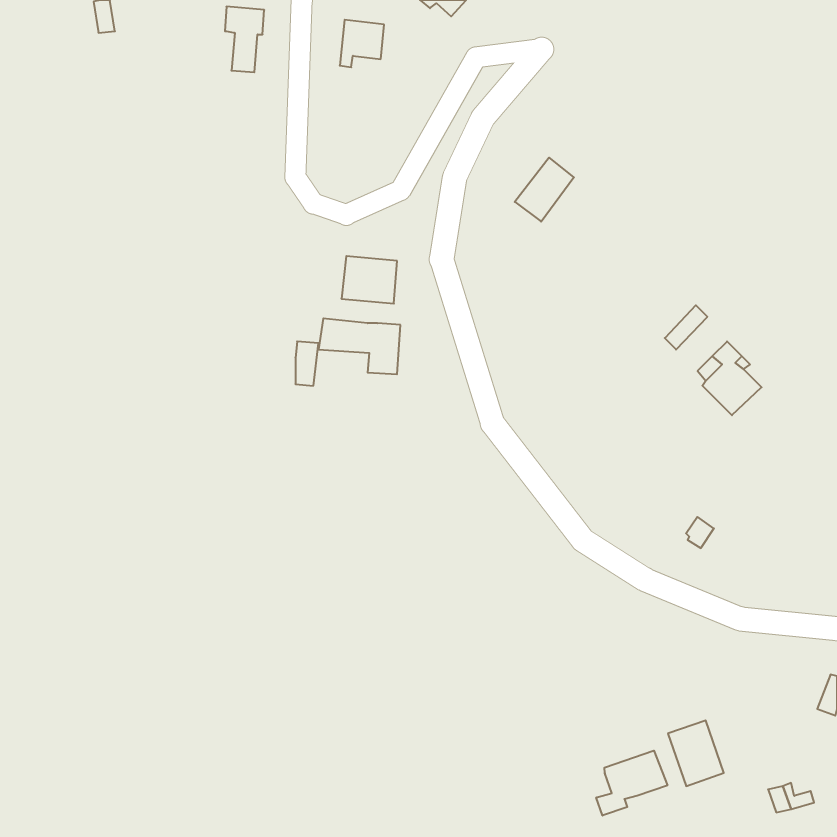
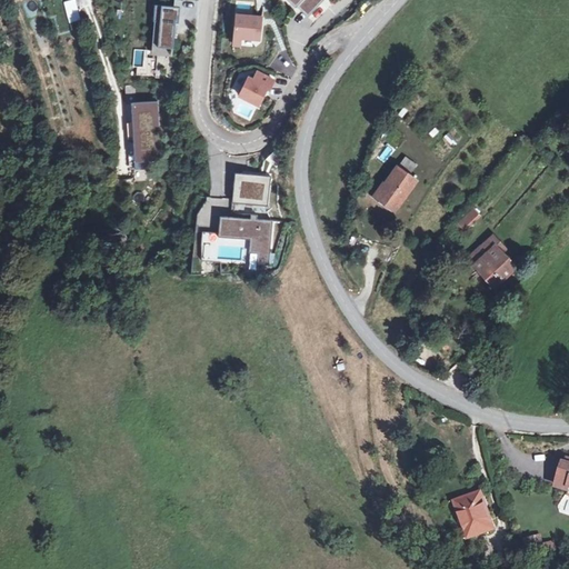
building: none -> [236,71,272,103]
building: none -> [130,102,160,169]
building: [515,158,574,222] -> [375,168,415,211]
building: [596,751,667,816] -> none

